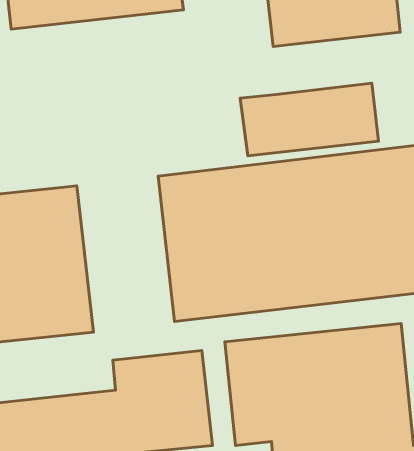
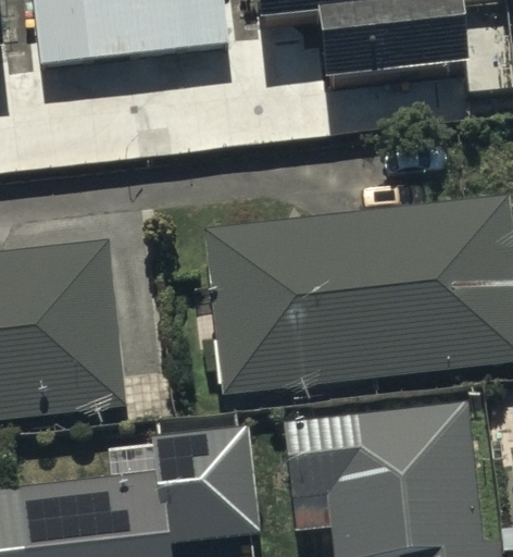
building: [240,83,378,156] -> none

